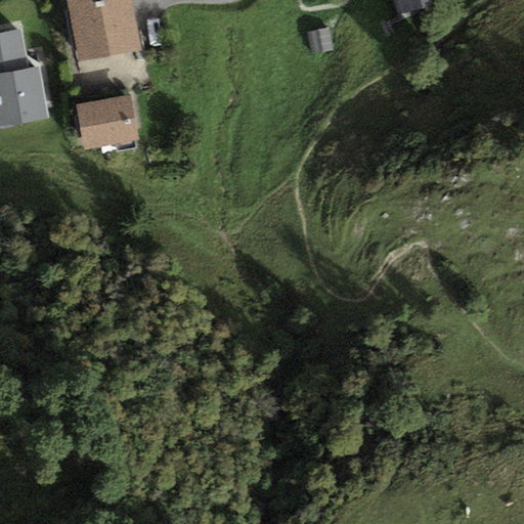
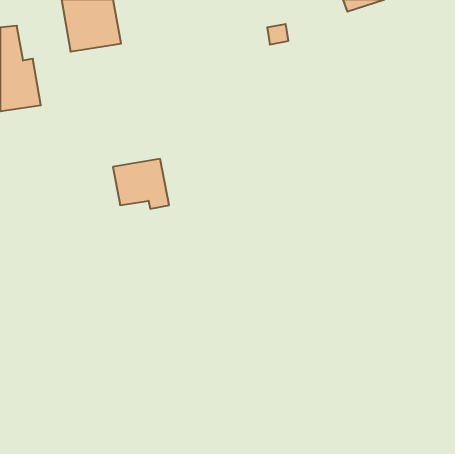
building: [75,93,139,150] -> [113,159,169,209]

